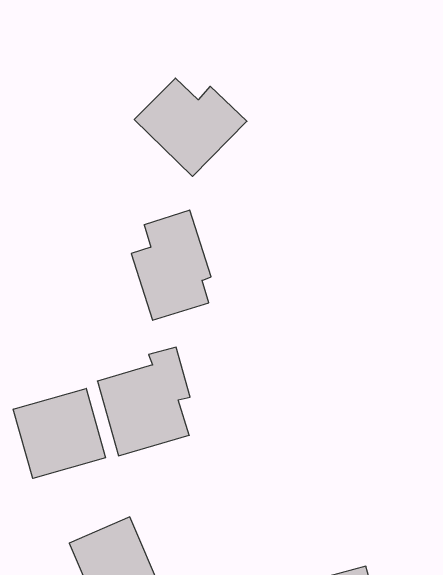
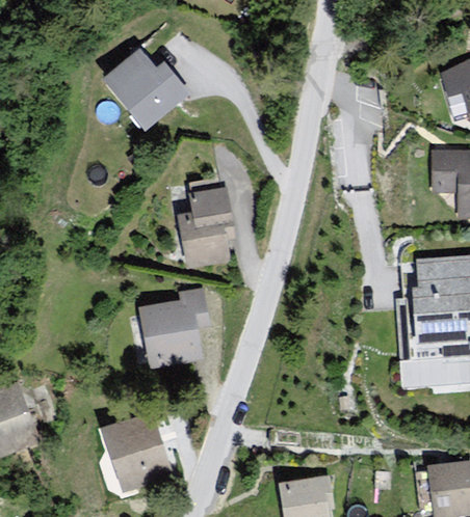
building: [134,78,247,176] -> [102,51,188,128]
building: [13,388,106,478] -> none

